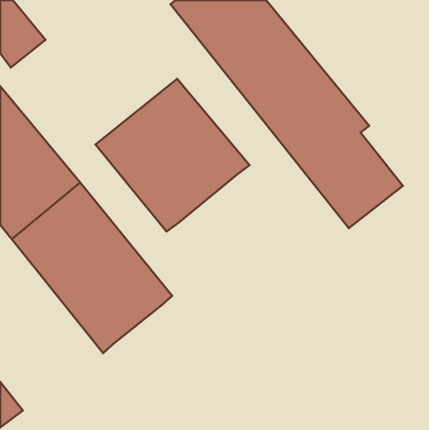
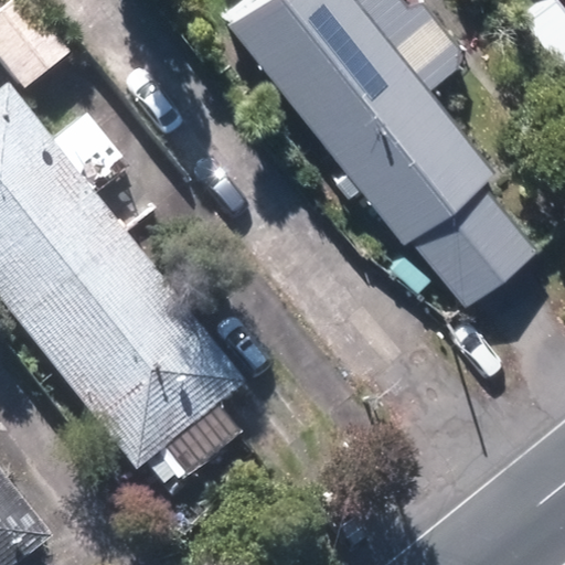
building: [96,79,249,232] -> none

